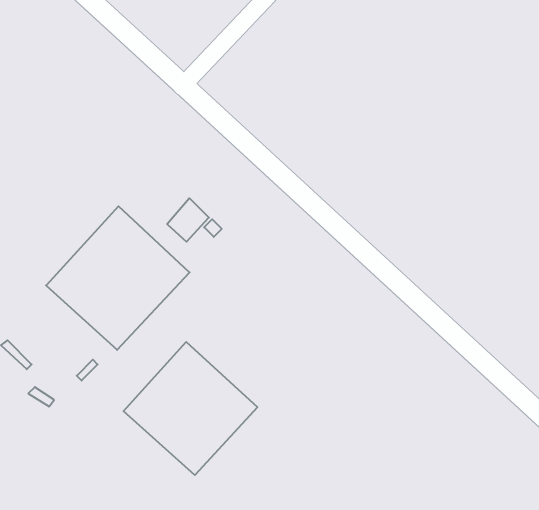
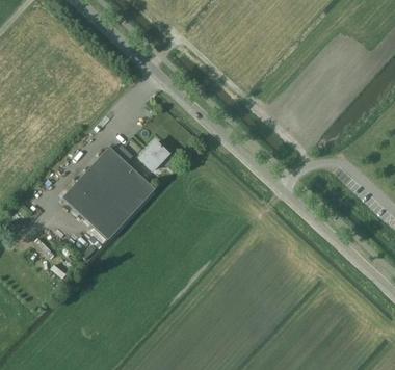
building: [124,342,257,475] -> none

